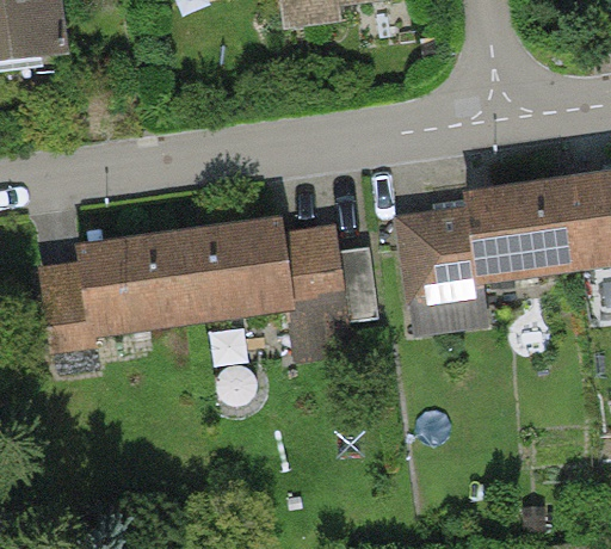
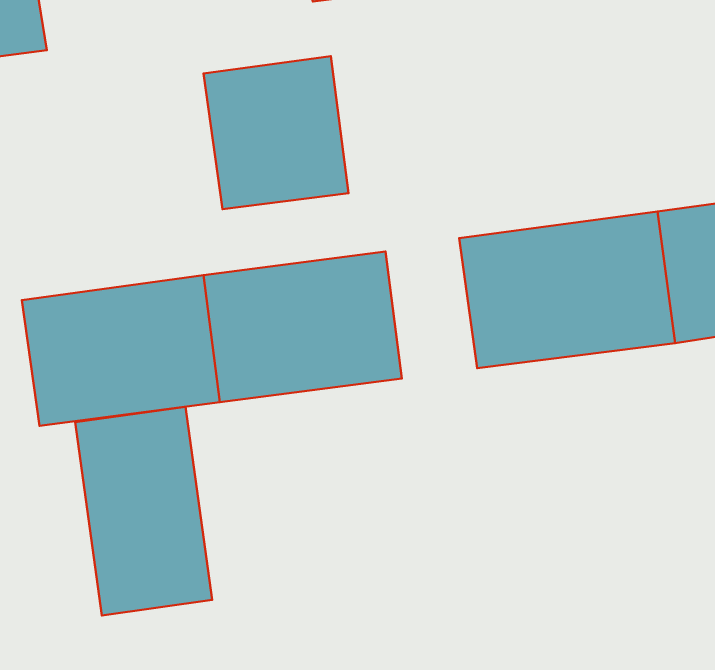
building: none -> [203,56,349,209]
building: none -> [75,407,212,615]

